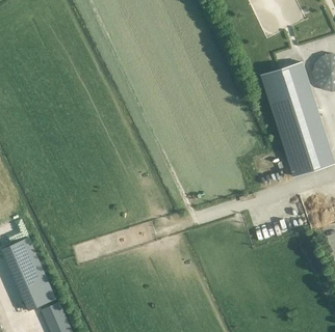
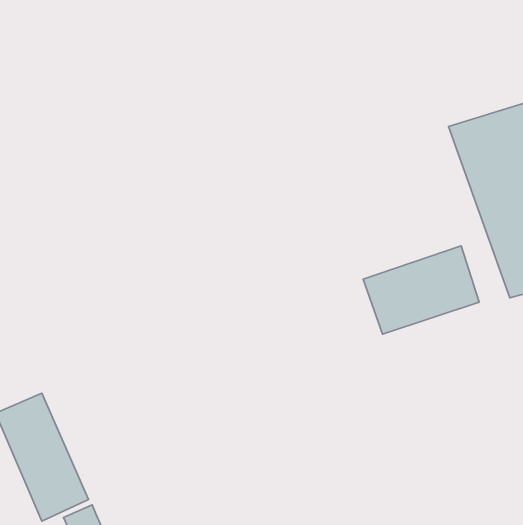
building: none -> [363,246,479,334]

